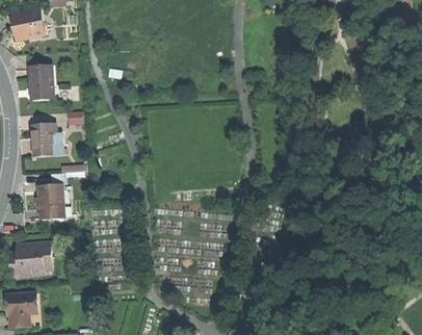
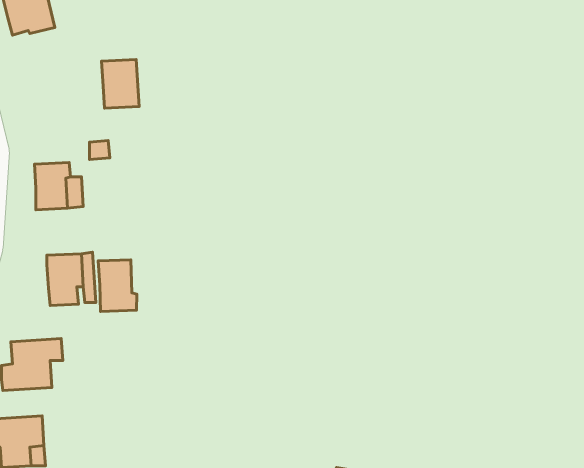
building: [28,66,53,98] -> [101,59,139,108]
building: none -> [98,260,137,311]

